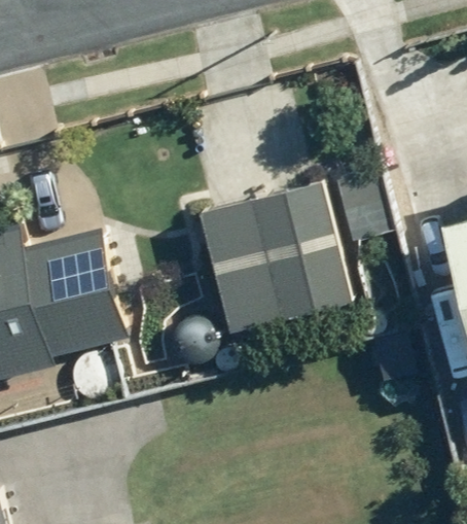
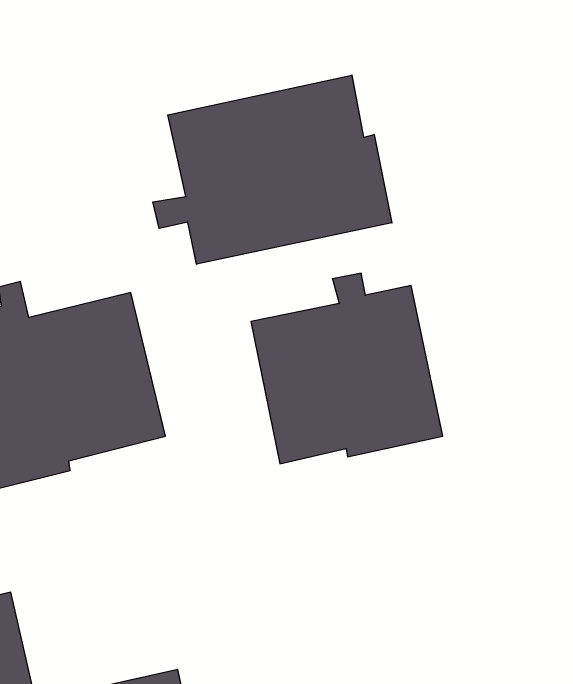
building: none -> [153,75,392,264]

